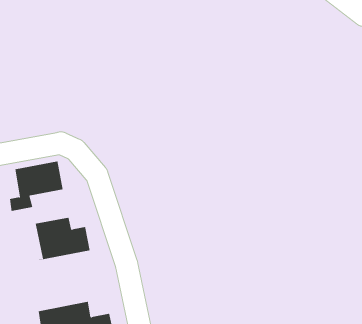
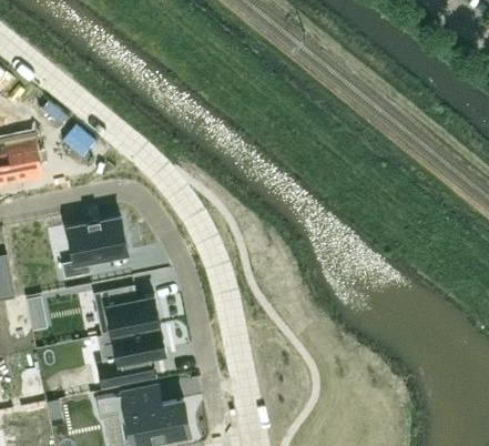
building: none -> [96,325,164,386]

